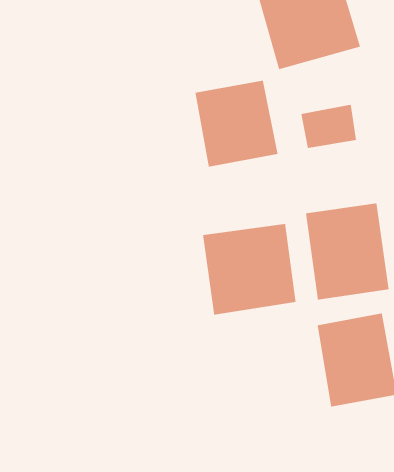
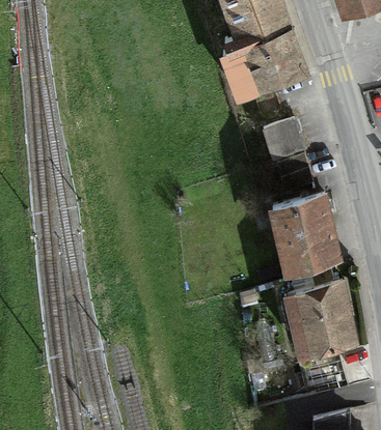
building: [195,80,278,167] -> none
building: [202,223,296,315] -> none

